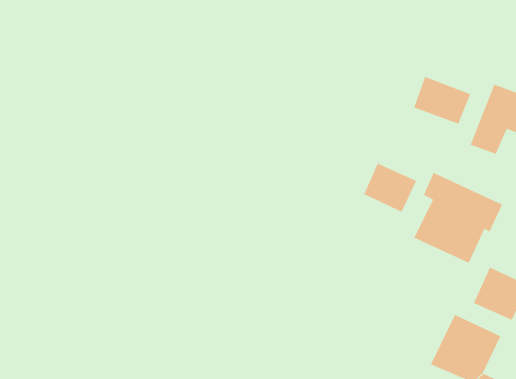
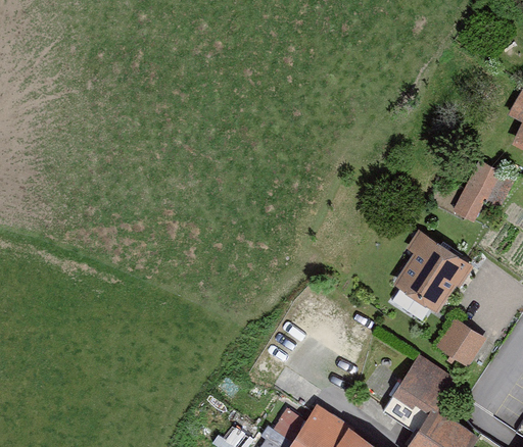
building: [414,76,471,125] -> none
building: [363,163,417,213] -> none

